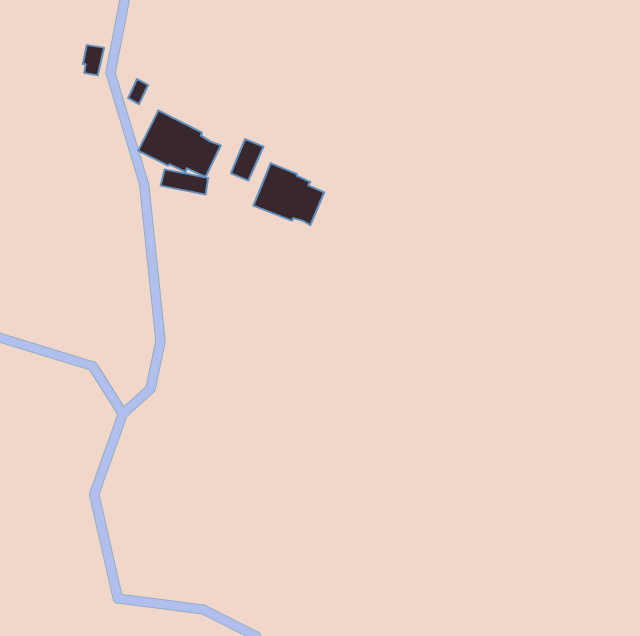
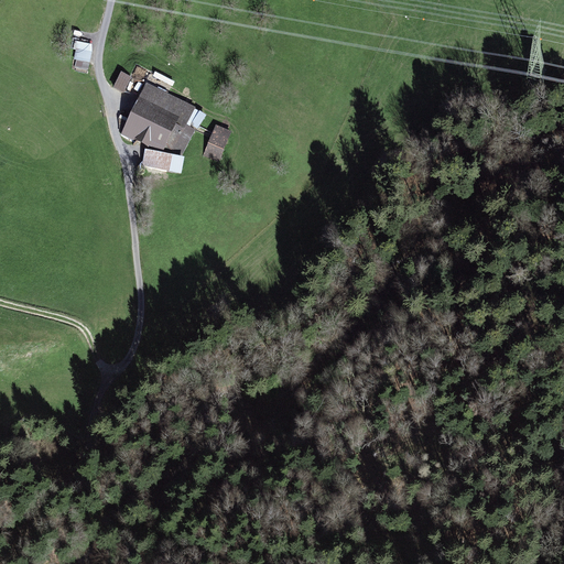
building: none -> [139,82,195,124]
building: [253,163,324,225] -> none

